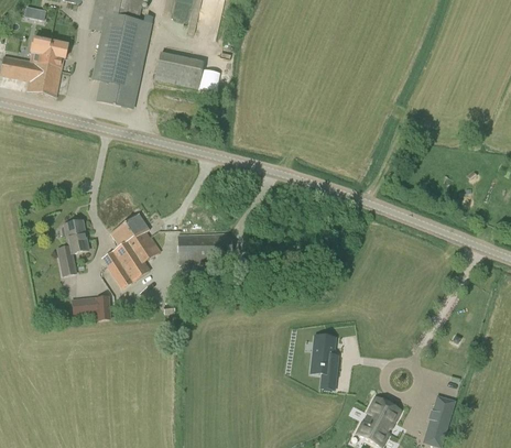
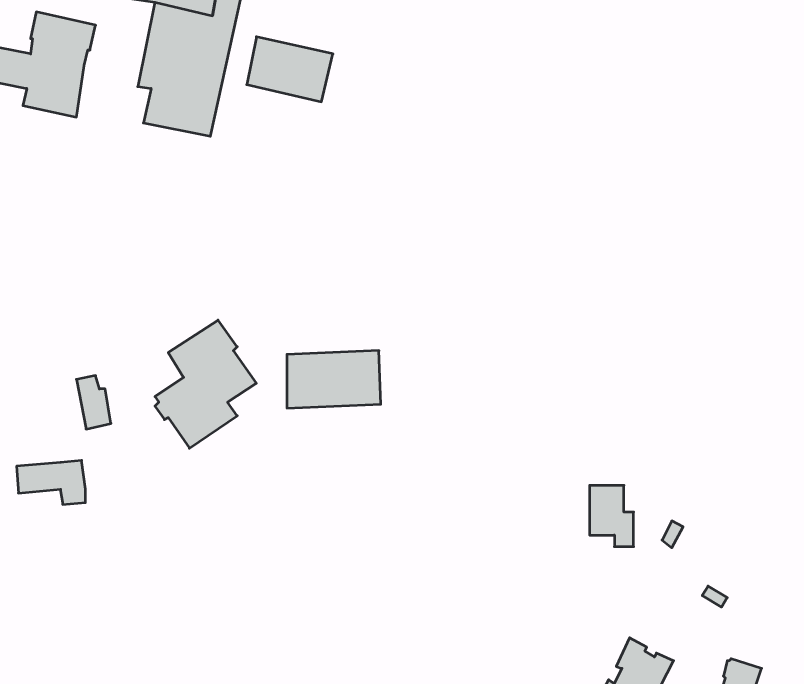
building: [61,218,88,252] -> none
building: [70,294,110,319] -> [17,460,85,504]
building: [314,343,339,379] -> [590,485,634,547]

